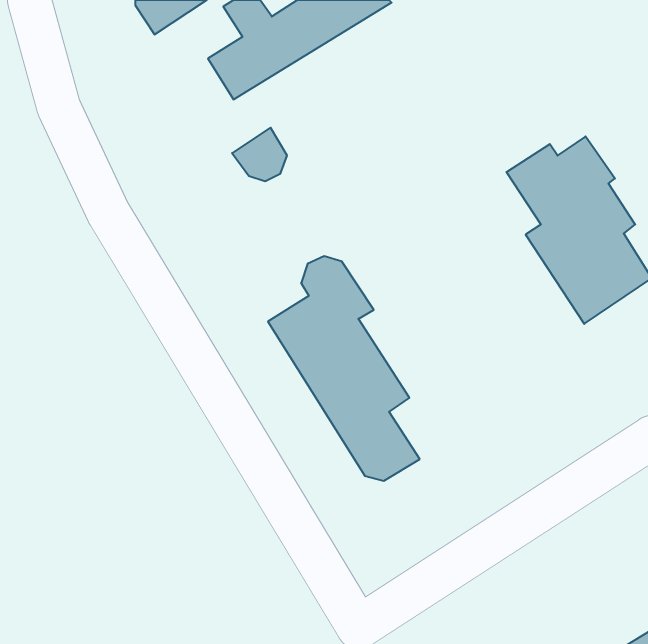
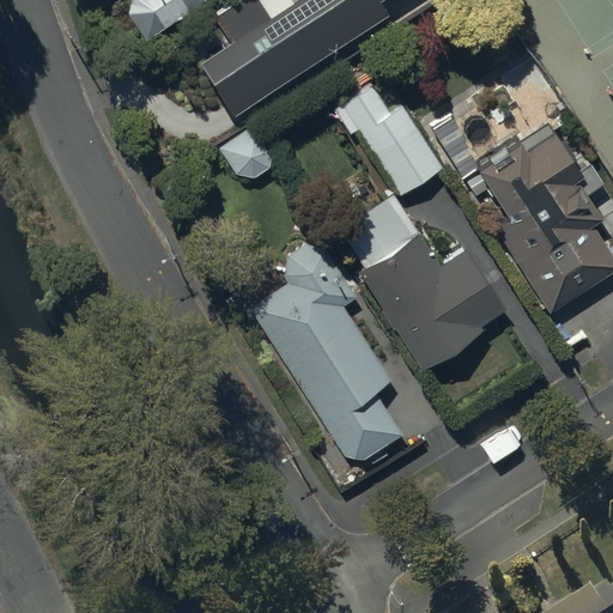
building: none -> [338,90,445,196]
building: none -> [340,196,506,364]

